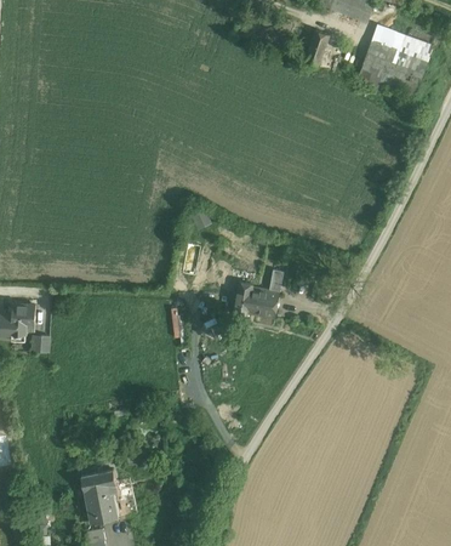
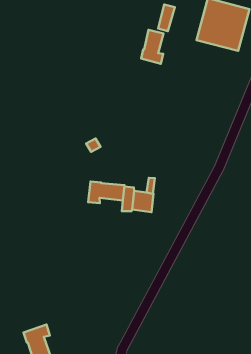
building: none -> [141,30,163,64]
building: none -> [88,182,124,203]

